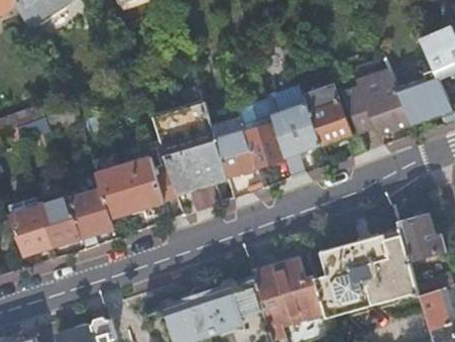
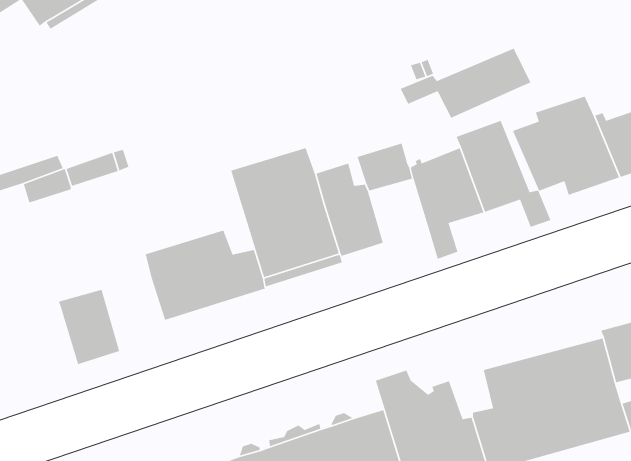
building: none -> [400,47,532,119]
building: [245,124,285,166] -> none
building: [70,190,113,238] -> none
building: [10,208,52,255] -> none

